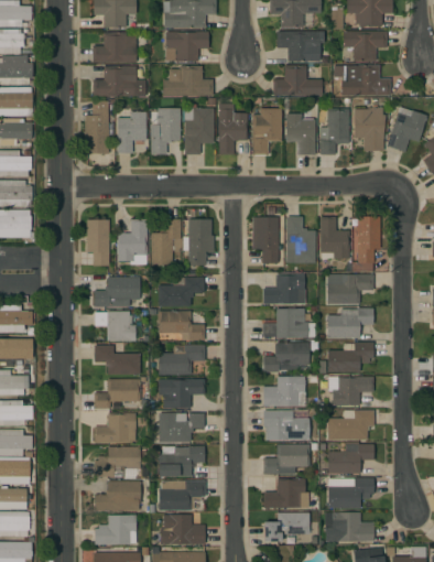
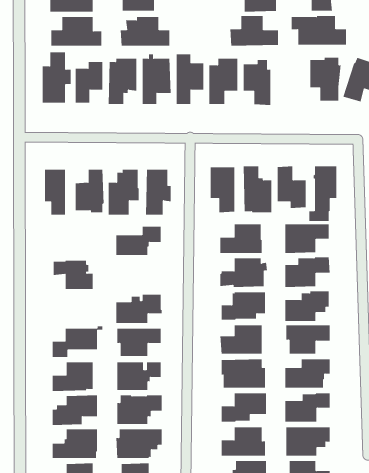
building: [319,108,348,154] -> none
building: [94,277,139,306] -> none
building: [158,311,204,341] -> none
building: [94,345,140,375] -> none

